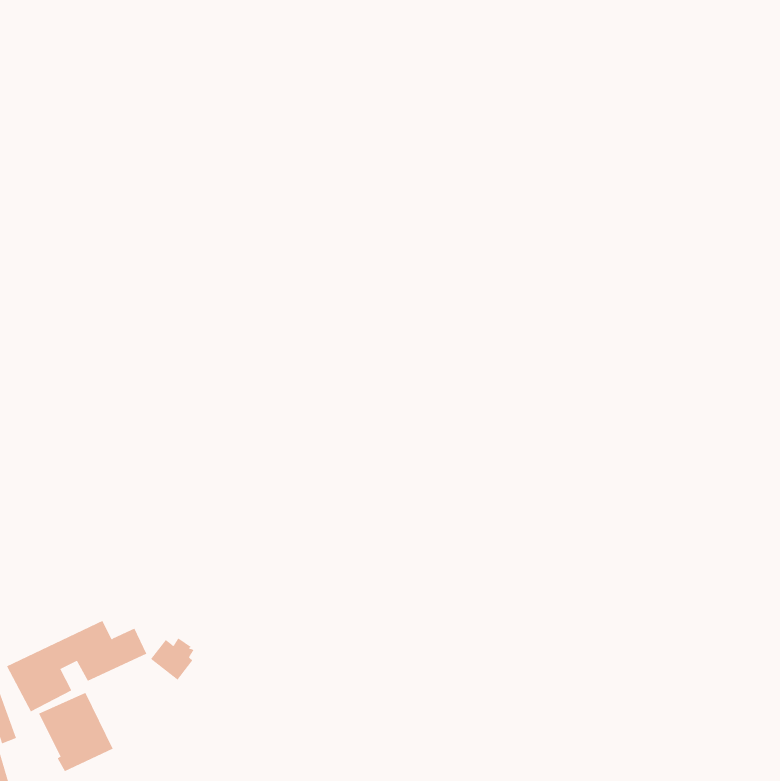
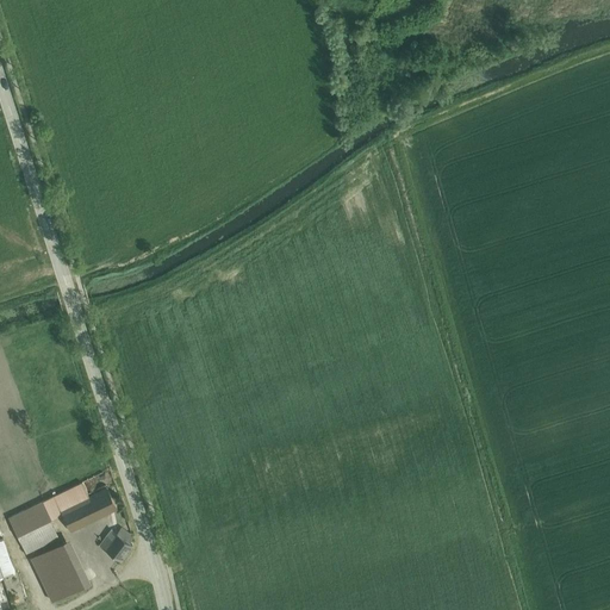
building: [150,638,195,680] -> [97,529,131,562]

